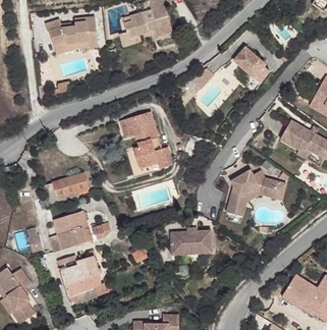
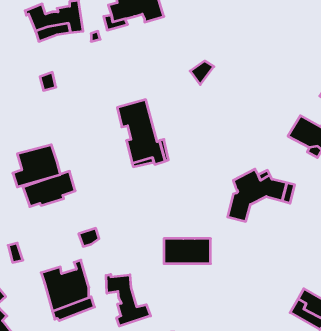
building: [232,48,270,85] -> none
building: [50,213,93,251] -> [13,145,60,187]
building: none -> [106,274,151,326]

